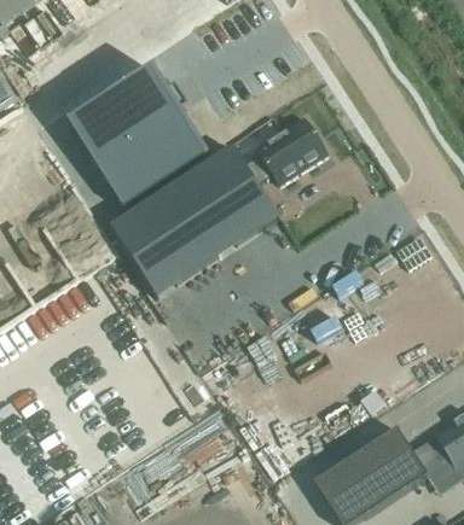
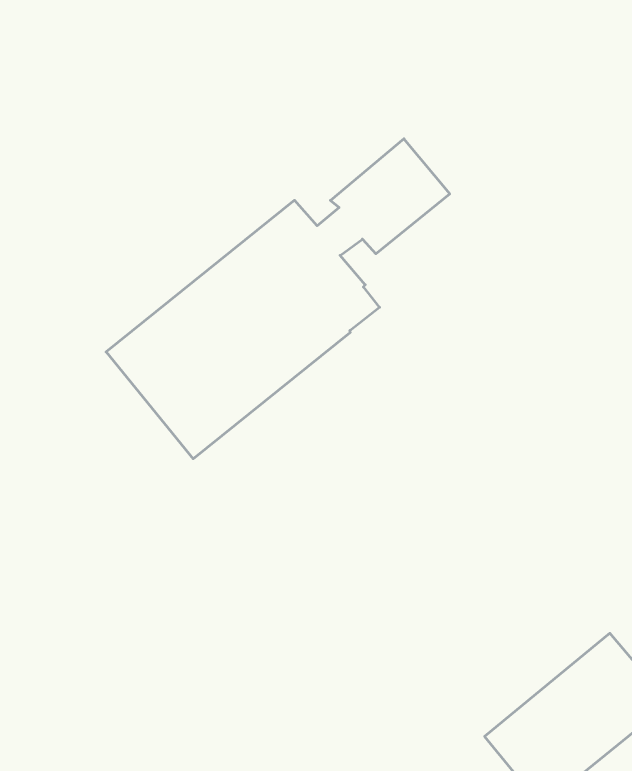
building: [72,70,207,204] -> none

